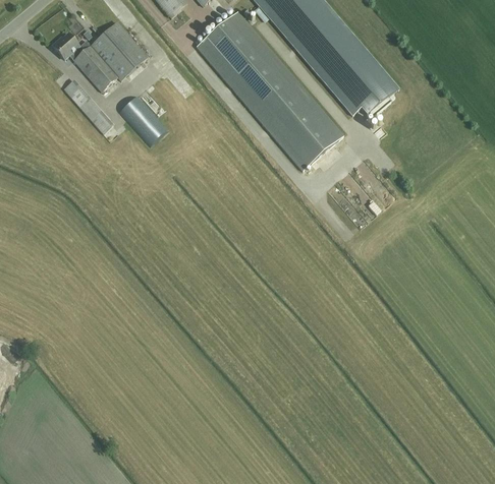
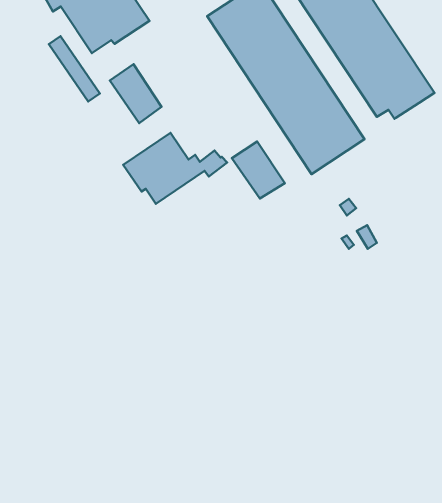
building: none -> [232,141,285,199]
building: none -> [123,133,227,204]

